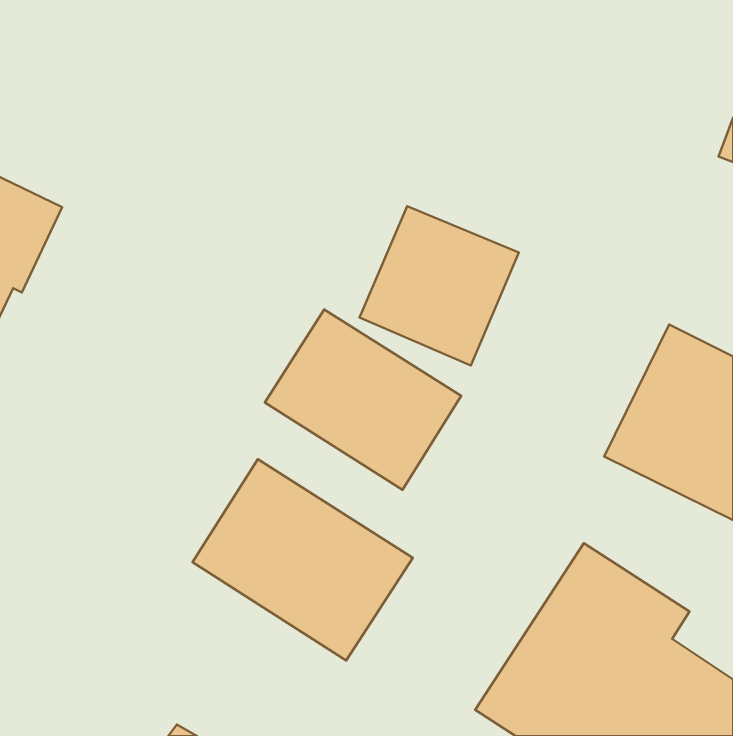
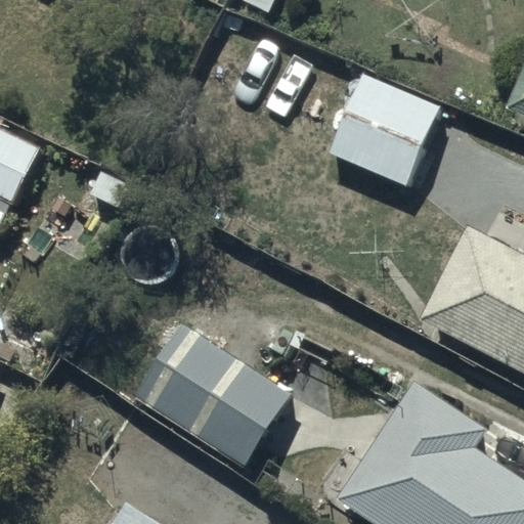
building: [359,206,519,365] -> [328,74,440,186]
building: [265,310,461,490] -> none

